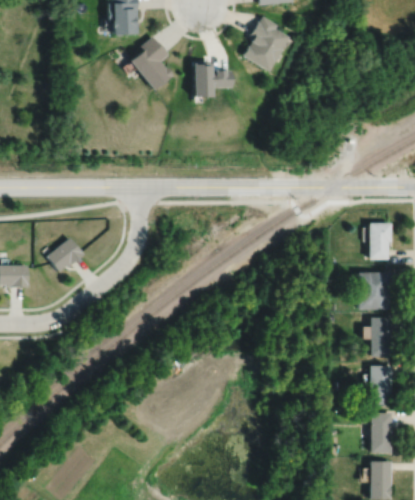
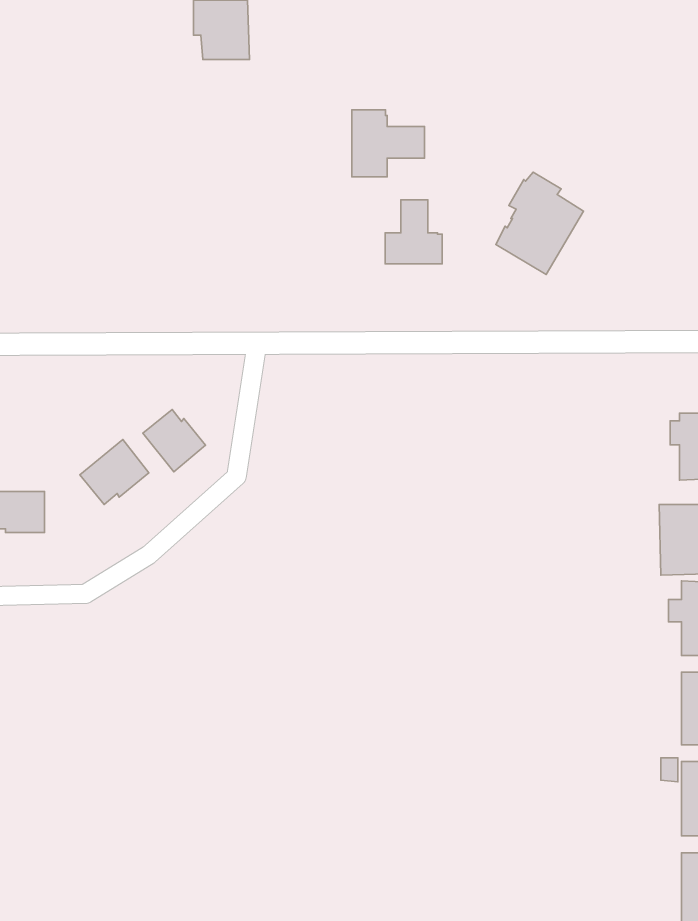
building: [243,17,290,72] -> [496,172,583,274]
building: [130,37,173,91] -> none
building: none -> [385,200,442,264]
building: none -> [143,409,206,472]

